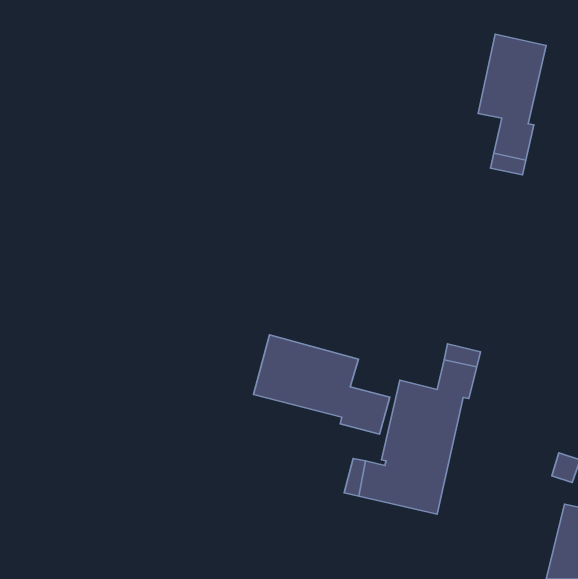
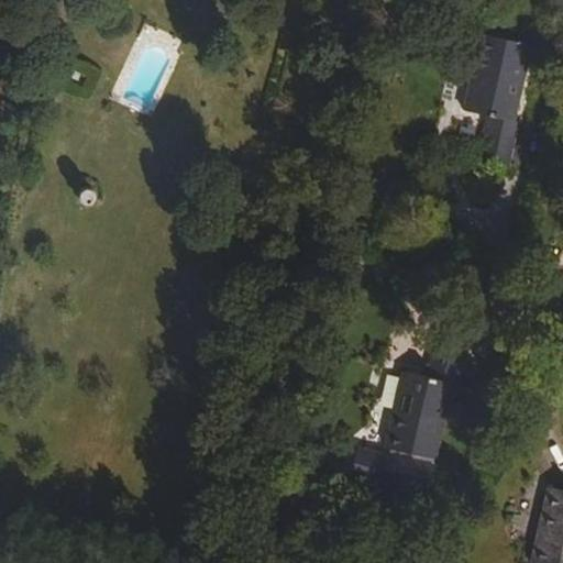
building: [254,335,390,434] -> none

